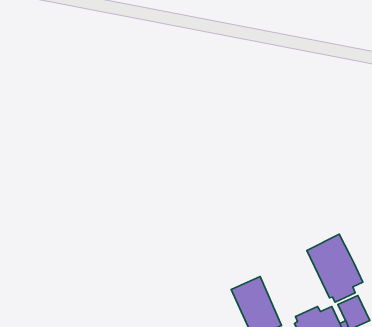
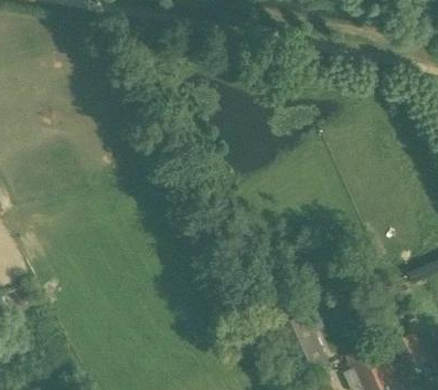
building: [307,234,363,302] -> none

